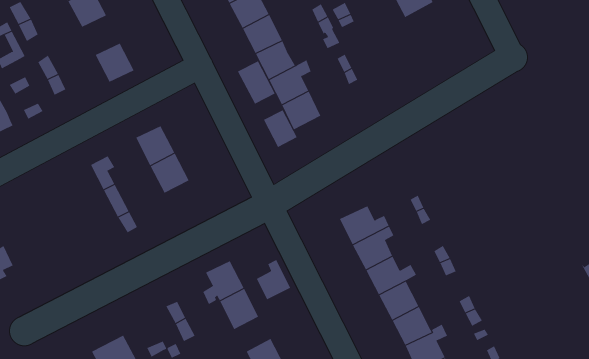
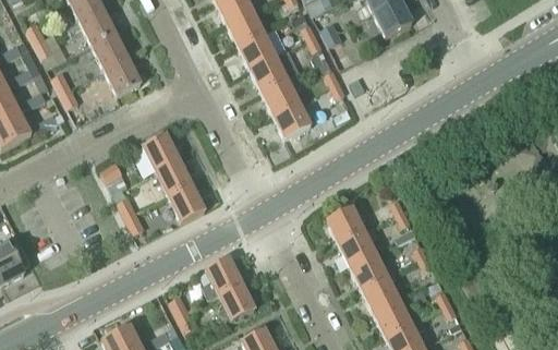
building: none -> [93,34,128,70]
building: [237,60,276,105] -> none
building: [263,109,297,148] -> none
building: none -> [168,184,204,221]
building: [256,259,291,300] -> none

